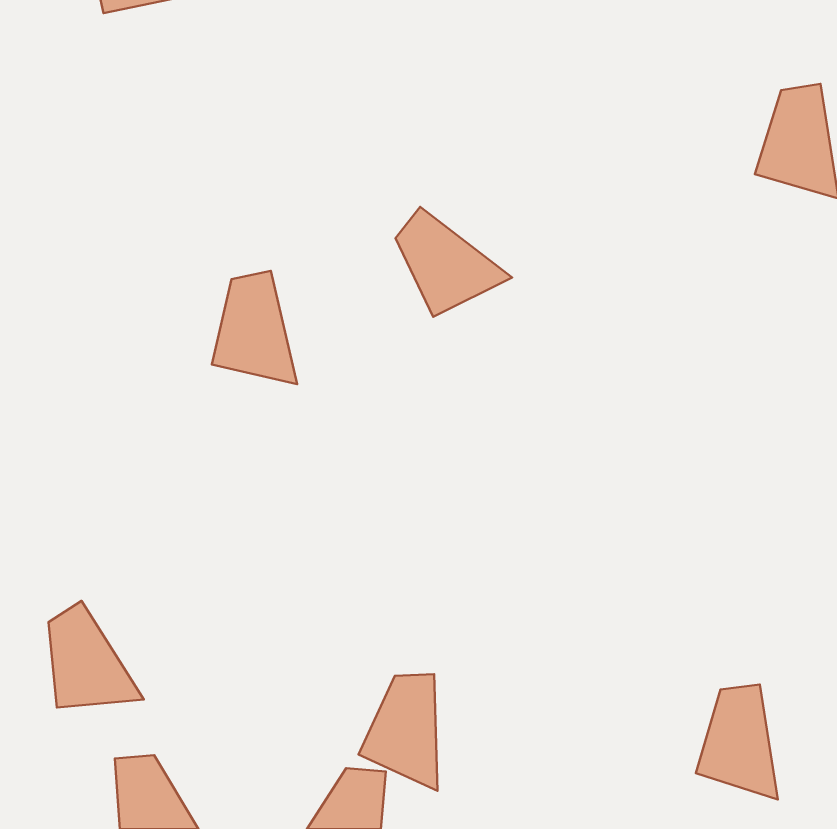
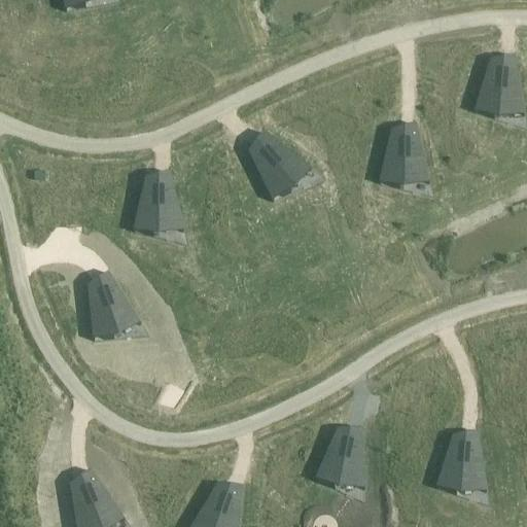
building: none -> [380,121,433,192]
building: [49,601,144,708] -> [89,270,148,337]
building: [359,674,437,791] -> [316,426,365,499]

